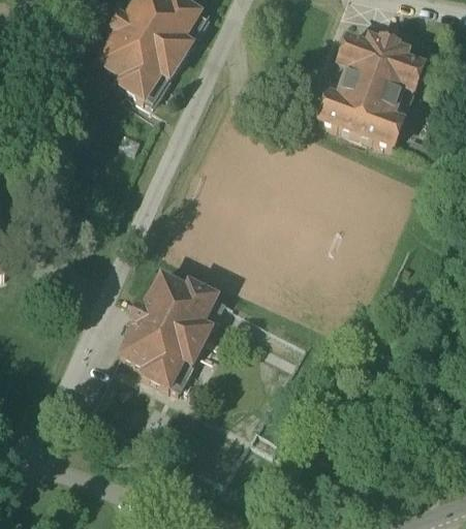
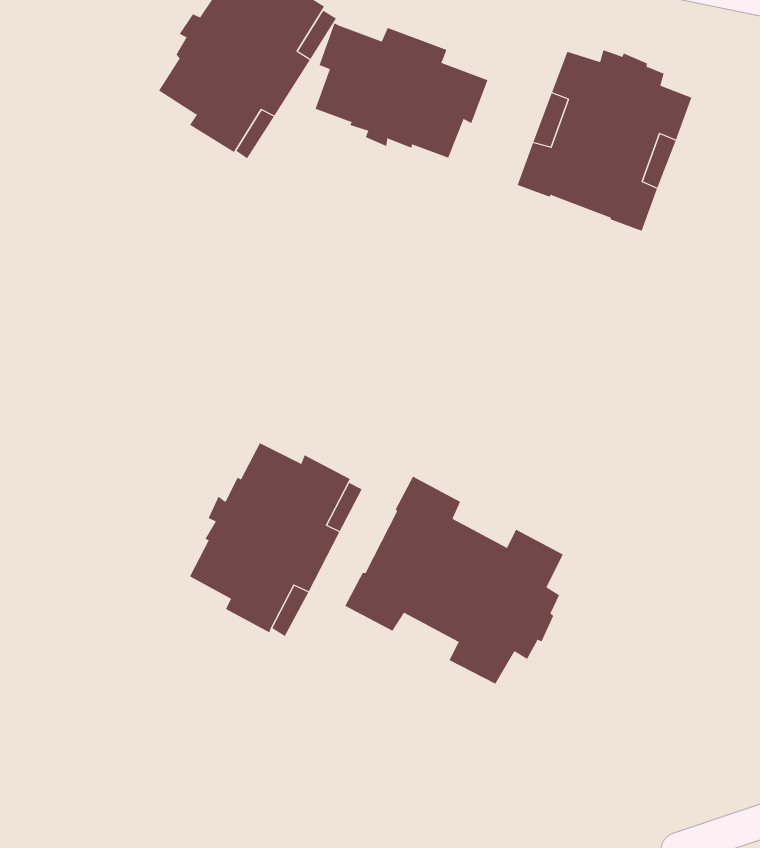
building: none -> [315,22,488,158]
building: none -> [345,476,564,685]

